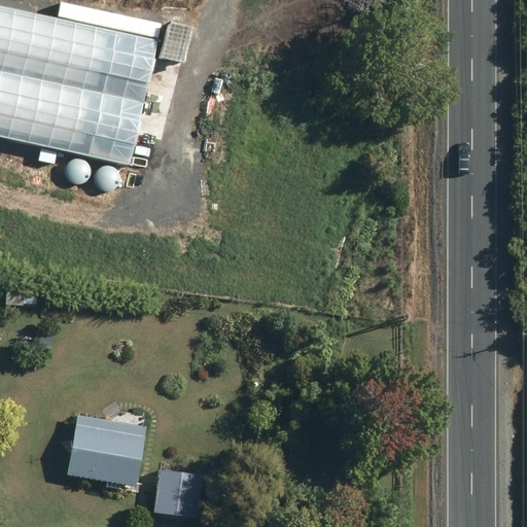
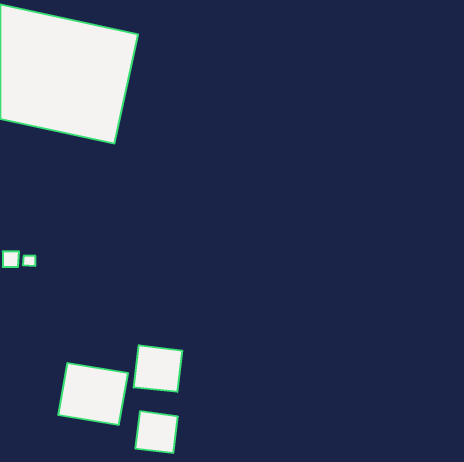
building: none -> [134,345,182,392]

